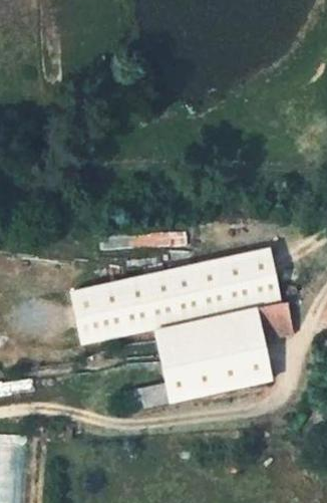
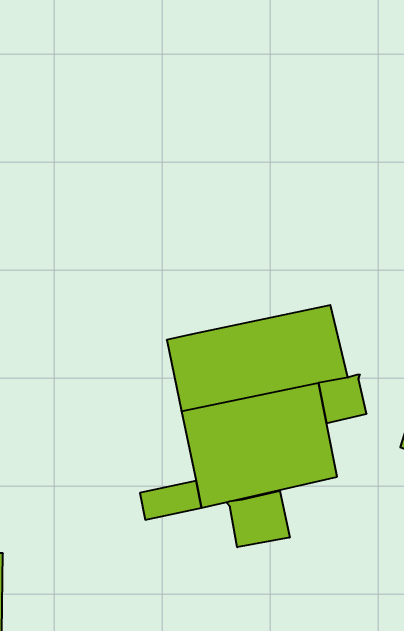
building: [74,276,155,343] -> none
building: none -> [226,491,290,547]

